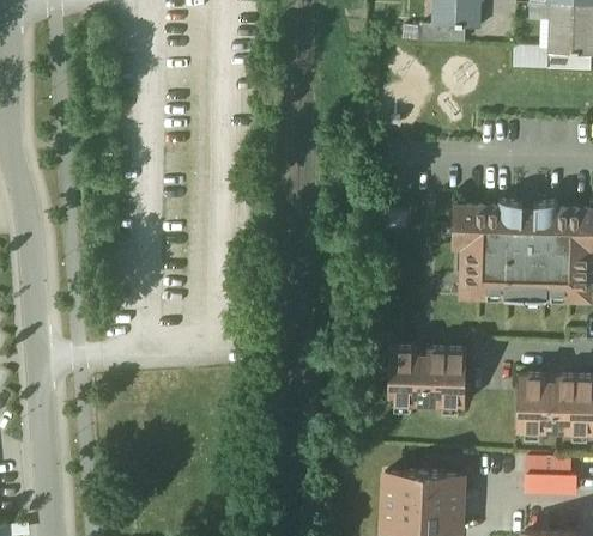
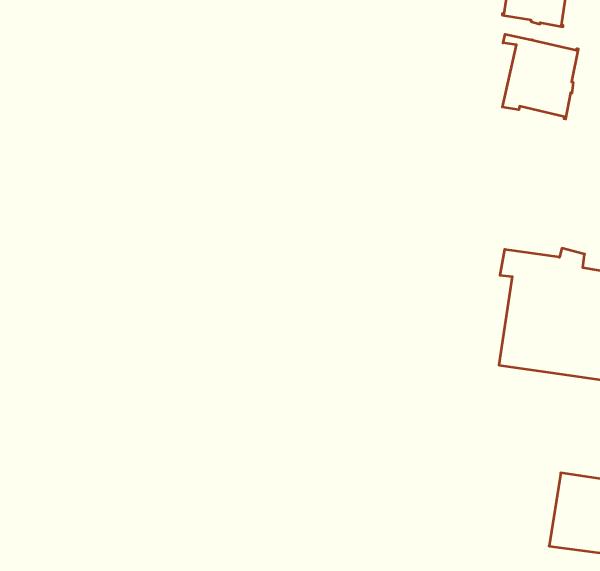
building: none -> [502,34,578,119]
building: [388,346,466,406] -> none

